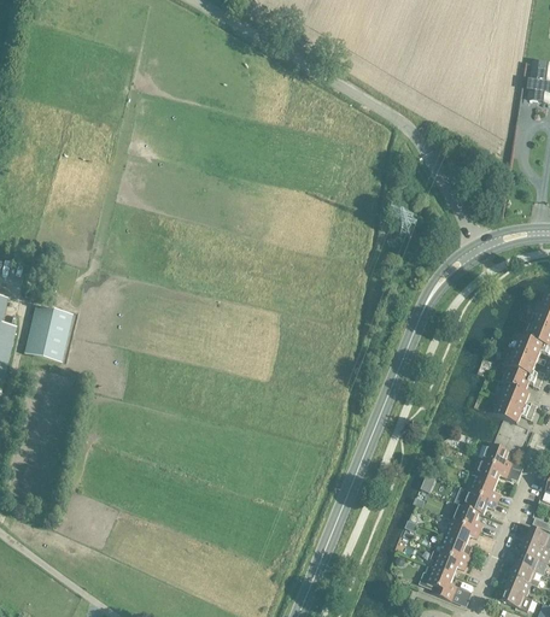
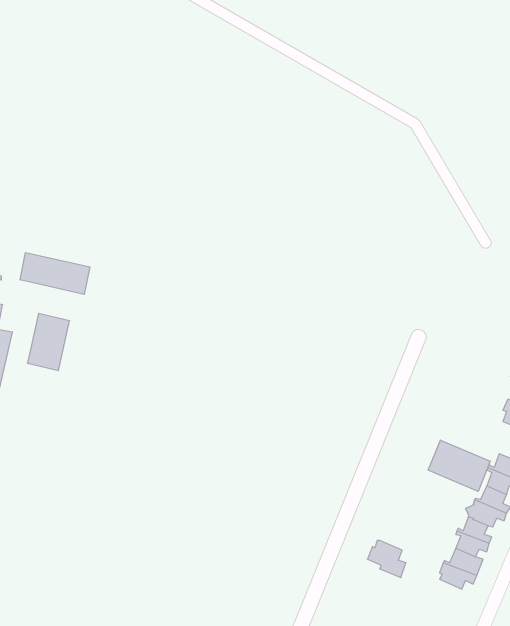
building: none -> [20,253,90,294]
building: none -> [428,440,490,491]
building: [420,564,457,600] -> [367,540,406,578]

